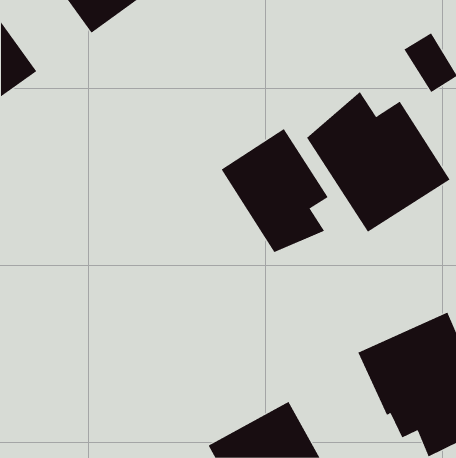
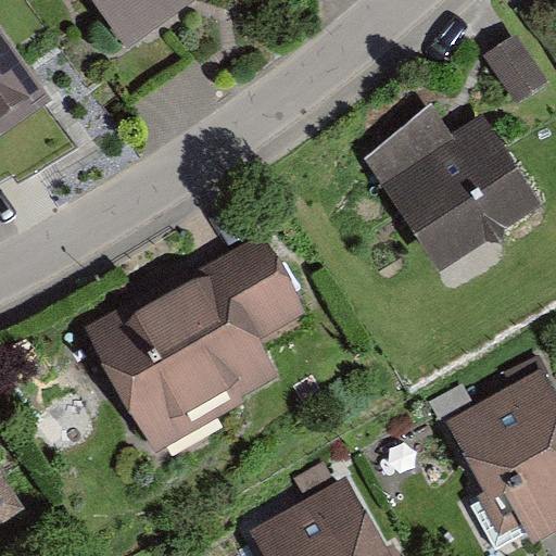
building: [221,128,329,253] -> none
building: none -> [76,240,288,445]

